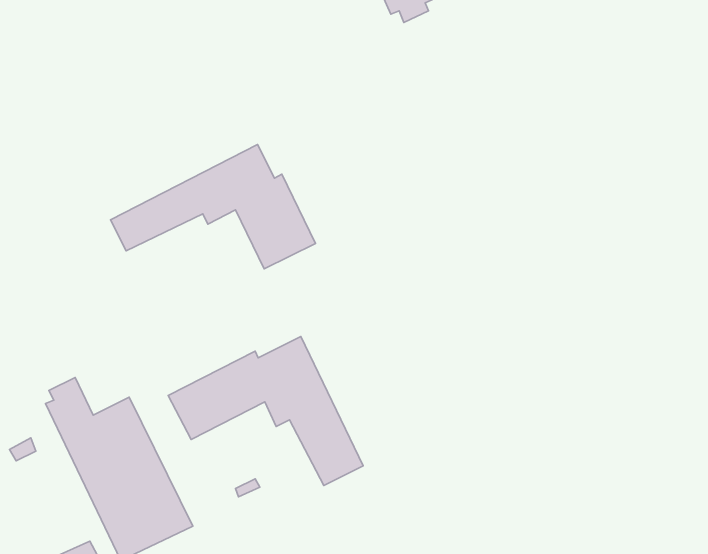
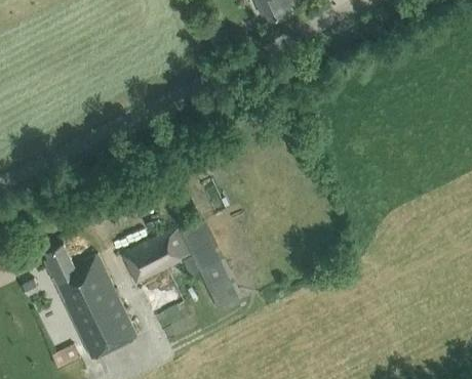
building: [110,144,316,269] -> none

